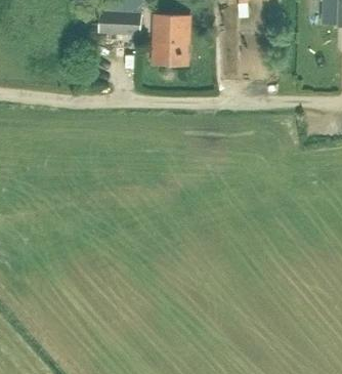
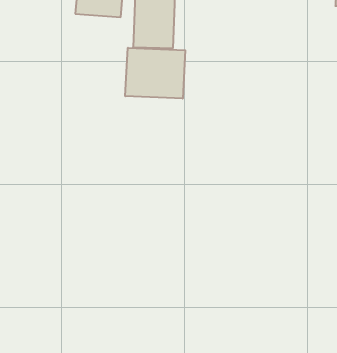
building: none -> [125,48,185,99]

